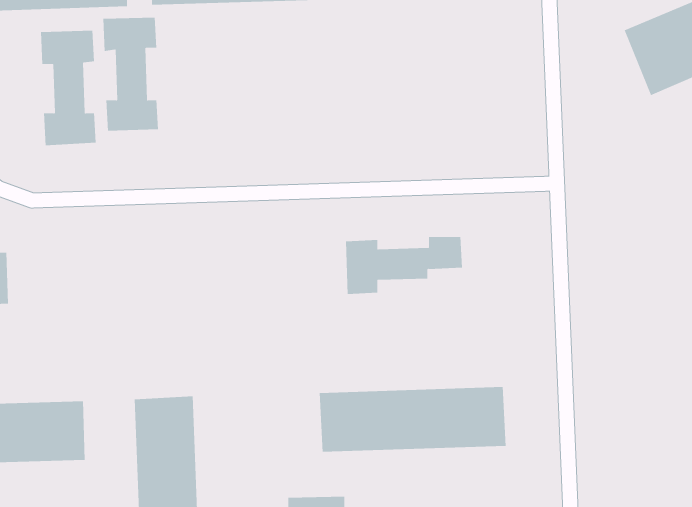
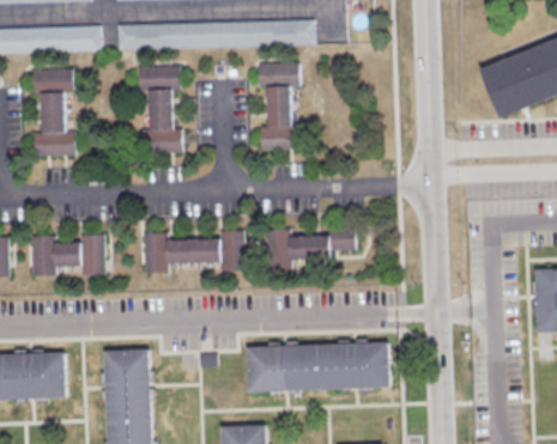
building: [102,17,159,131] -> [139,66,182,153]
building: none -> [258,63,301,151]
building: none -> [144,231,244,274]
building: none -> [31,235,105,278]

